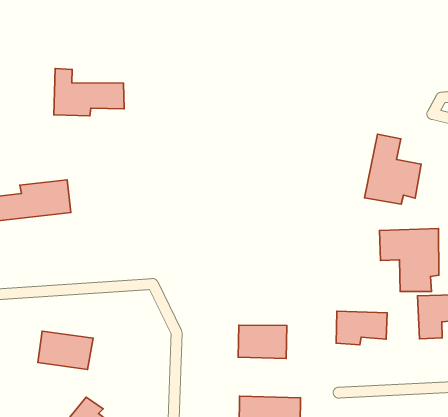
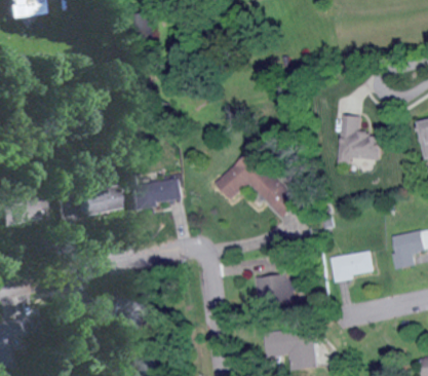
building: [54,68,124,116] -> [124,175,182,212]
building: none -> [215,152,296,218]
building: [380,229,439,292] -> none

